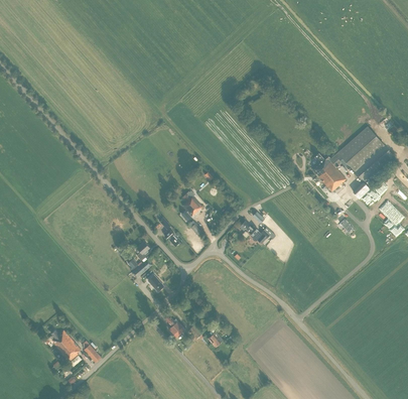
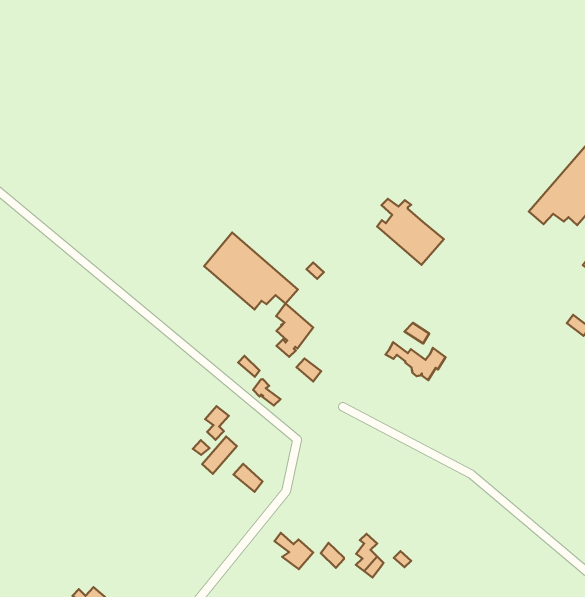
building: none -> [204,233,298,310]
building: [310,153,346,191] -> [377,199,444,265]

